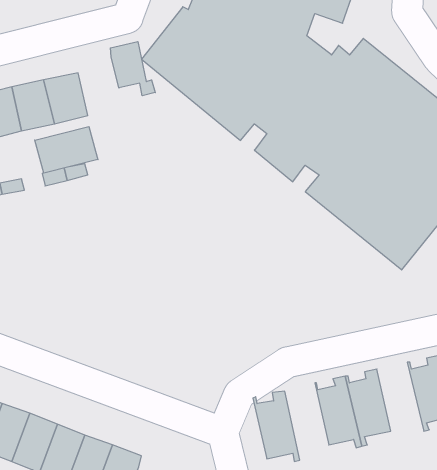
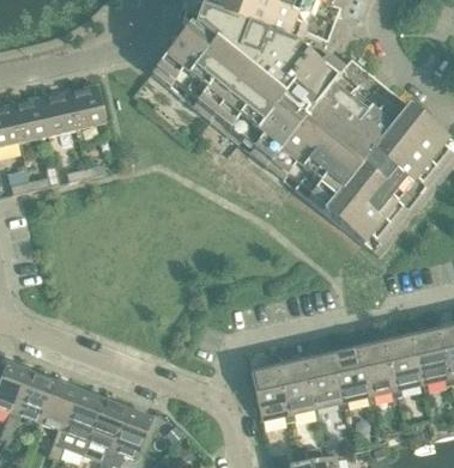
building: [110,42,155,96] -> none
building: [35,127,98,173] -> none
building: none -> [357,335,398,396]
building: none -> [277,353,315,420]

